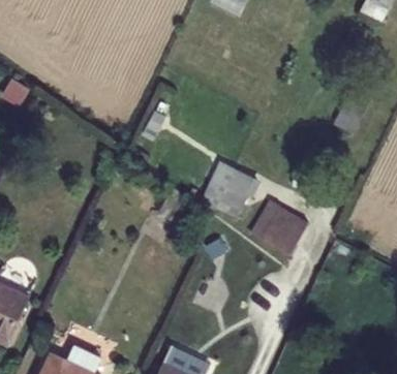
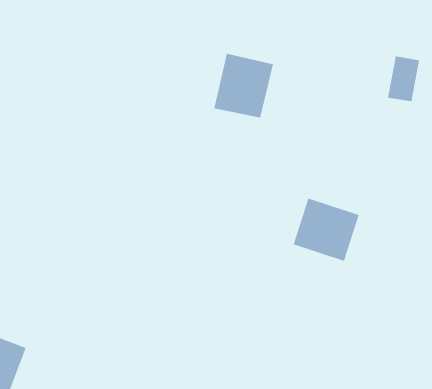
building: [201,161,252,216] -> [213,53,274,118]

